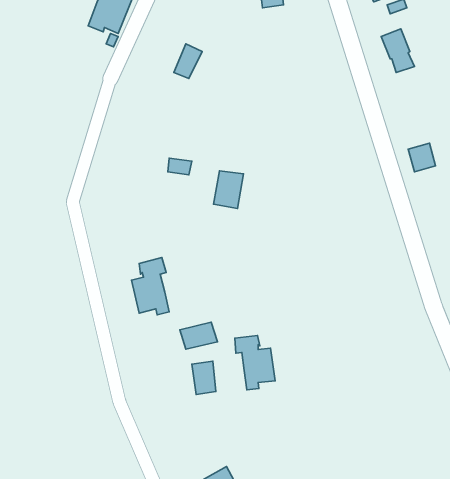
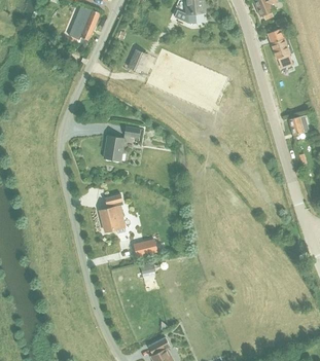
building: [213,171,244,209] -> [103,136,123,161]
building: [235,336,275,390] -> none

